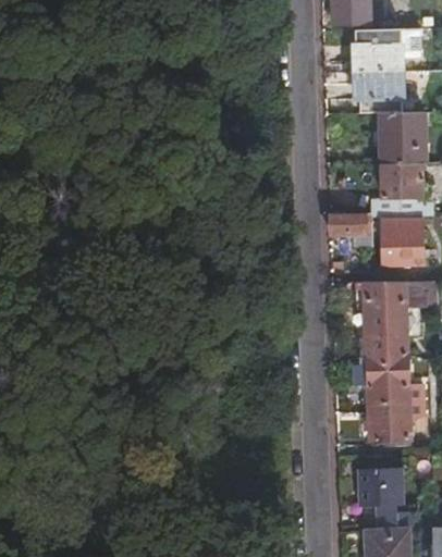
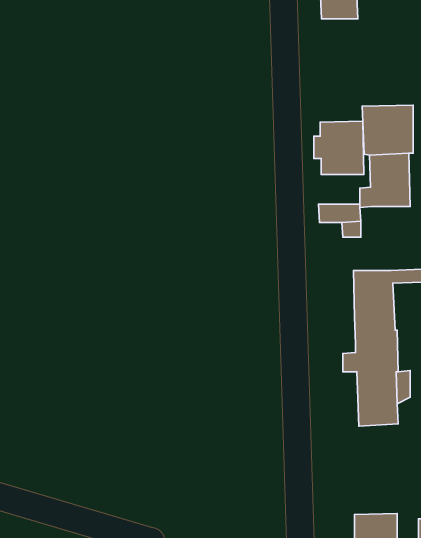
building: [352,45,403,99] -> [314,121,364,175]
building: [384,216,425,263] -> none
building: [363,469,414,525] -> none

